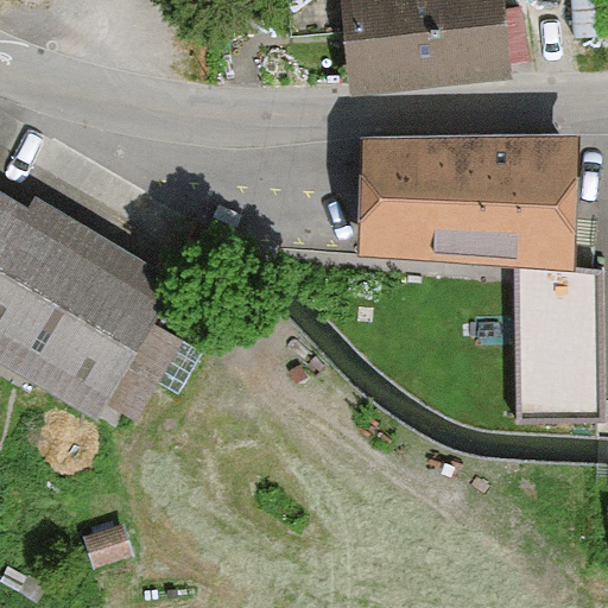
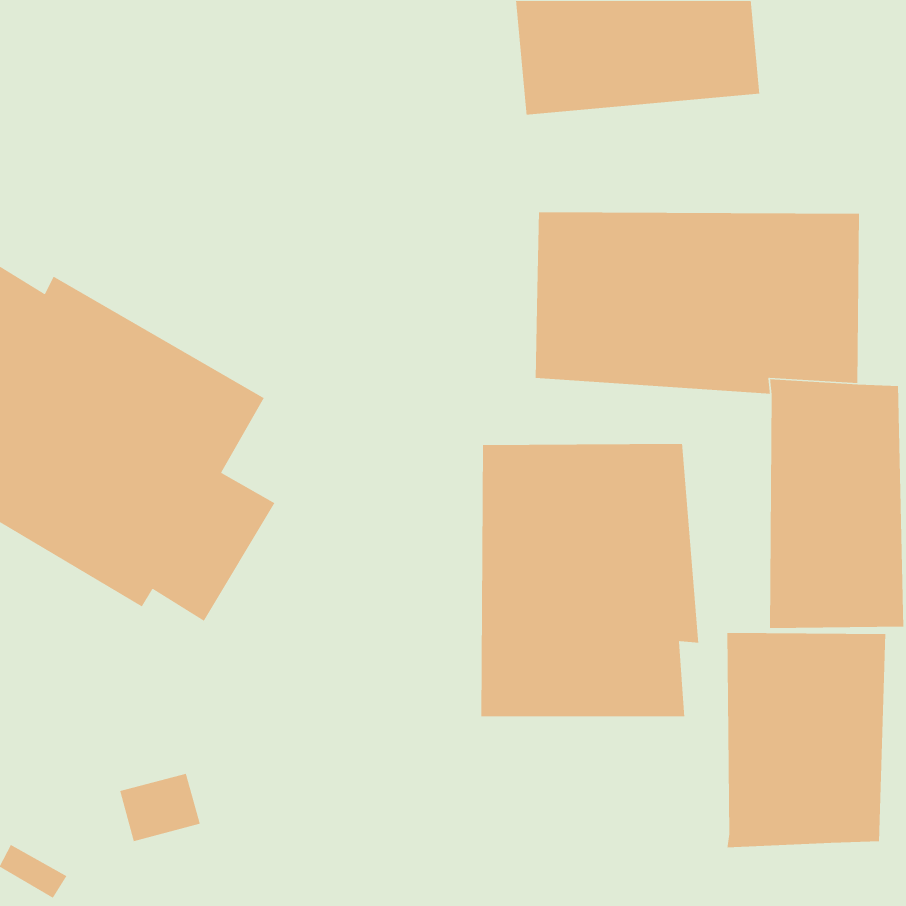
building: none -> [480,443,699,717]
building: none -> [727,632,886,848]

